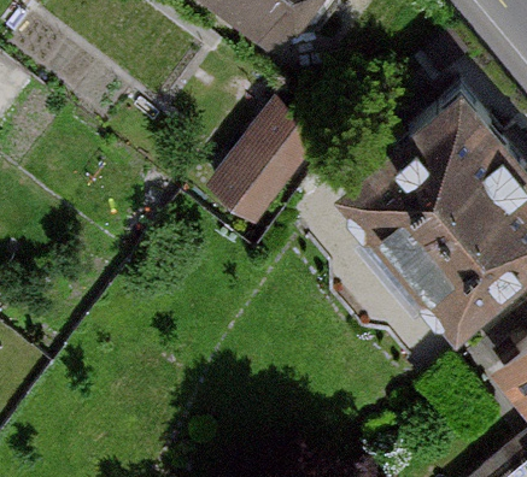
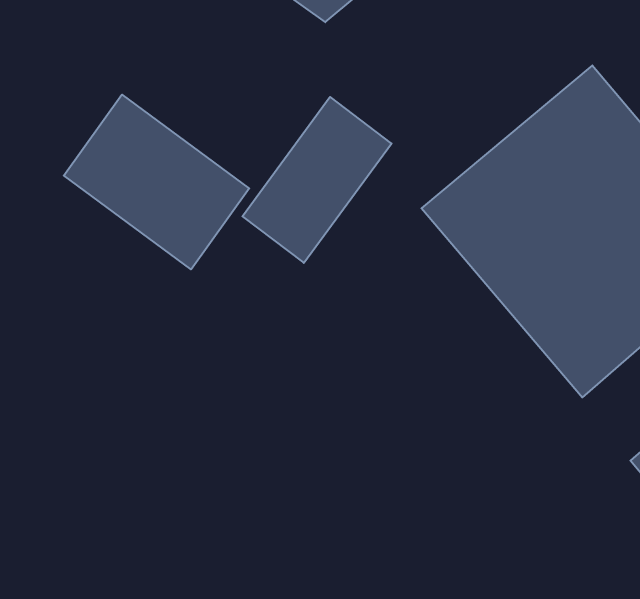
building: none -> [64,95,249,269]

